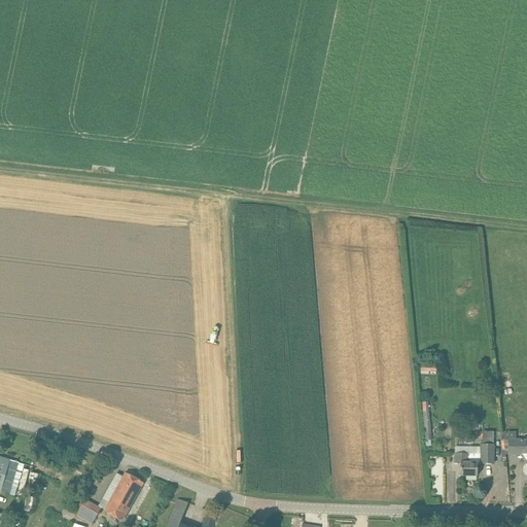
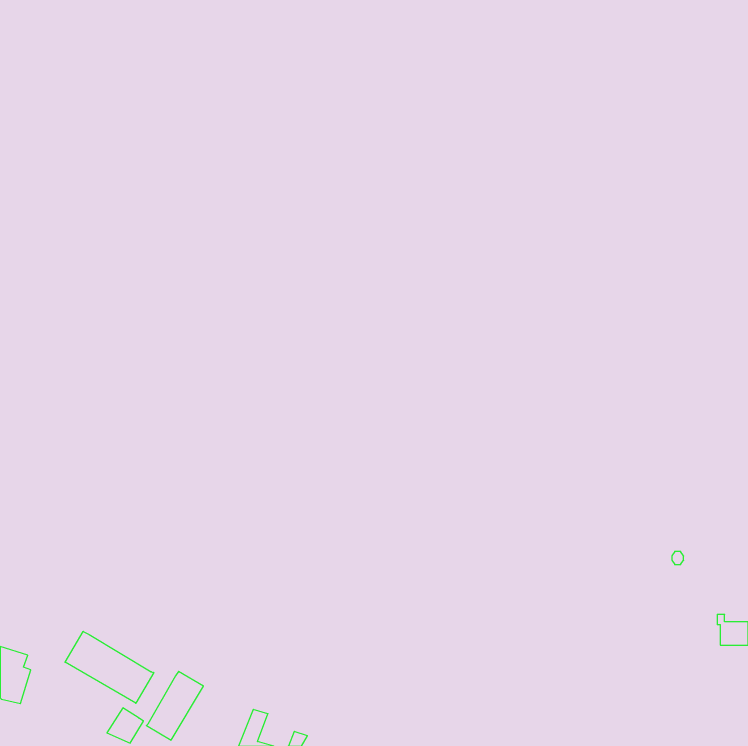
building: [455,430,494,476] -> none
building: none -> [65,631,154,703]

